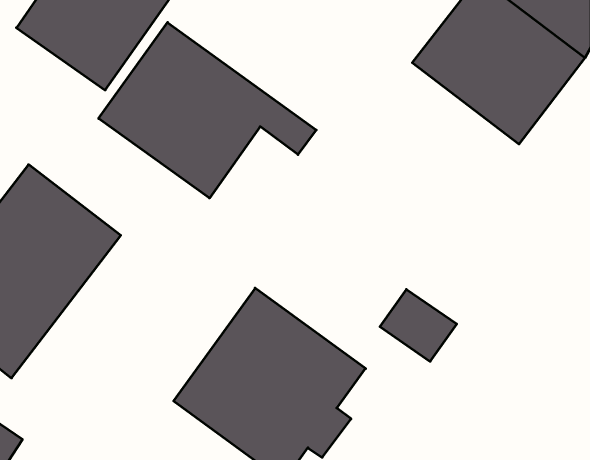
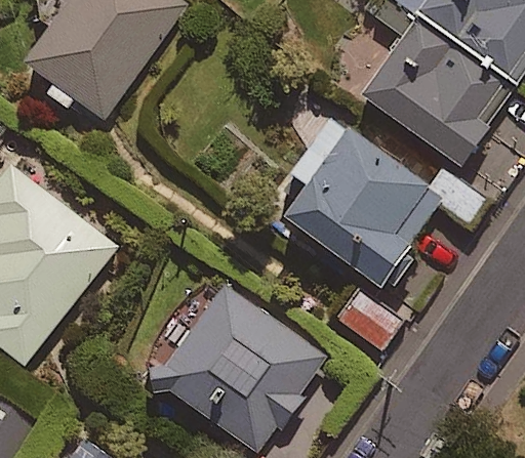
building: [99,22,316,198] -> none
building: none -> [290,118,445,287]

